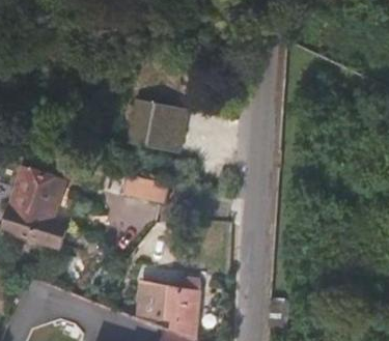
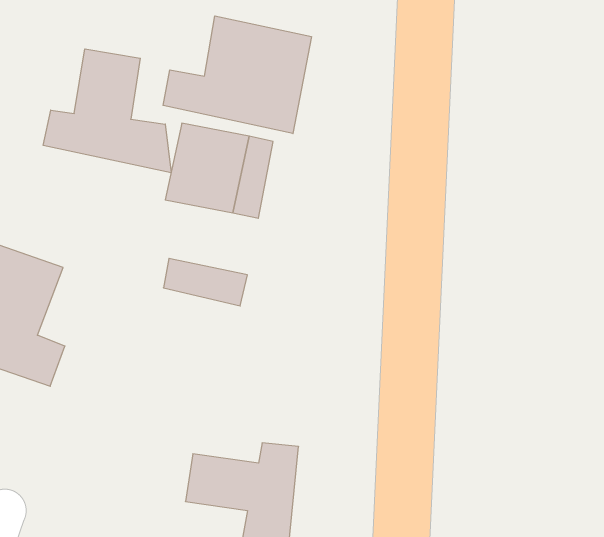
building: none -> [163,16,311,134]
building: none -> [43,49,171,173]

